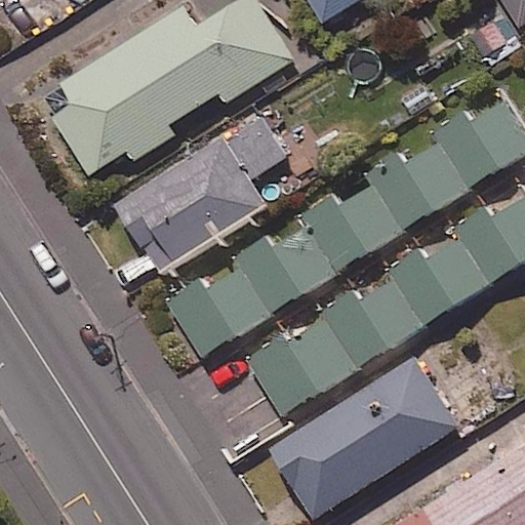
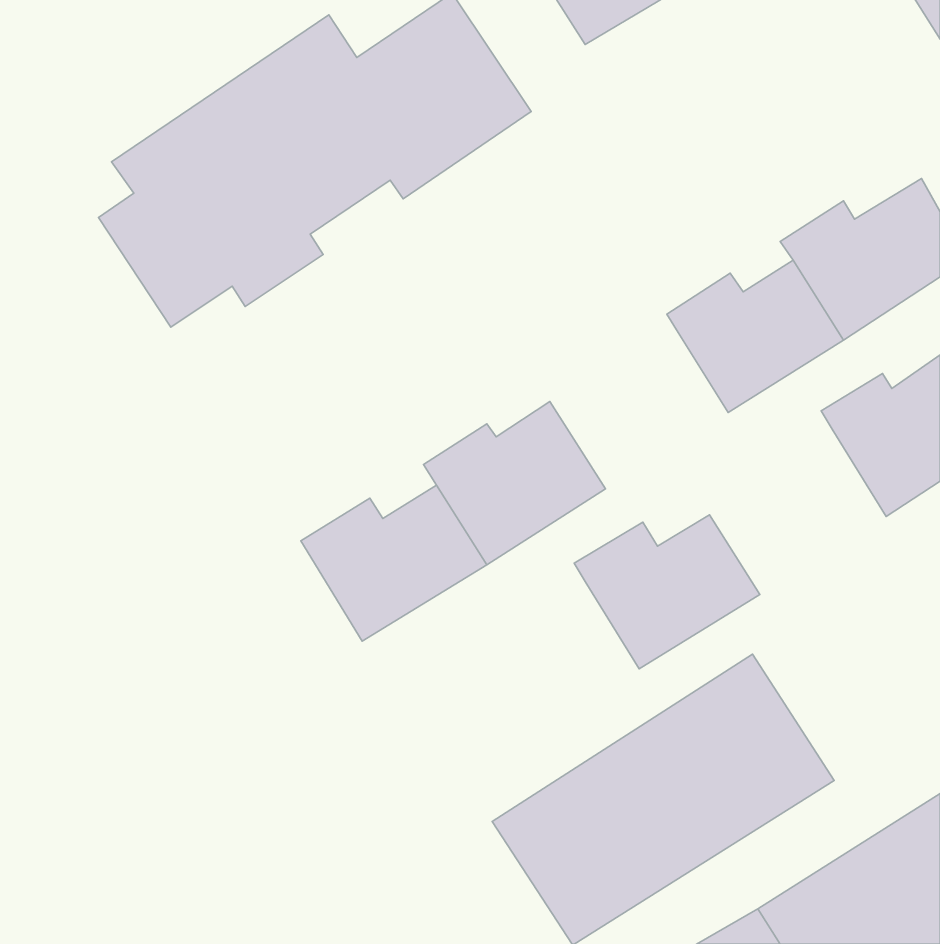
building: [106,111,278,264] -> none
building: [299,184,402,270] -> none
building: [380,237,489,328] -> none
building: [244,321,353,414] -> none

